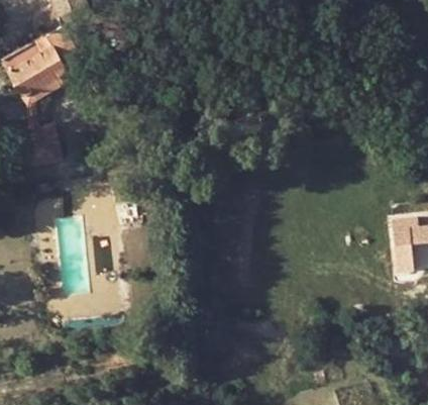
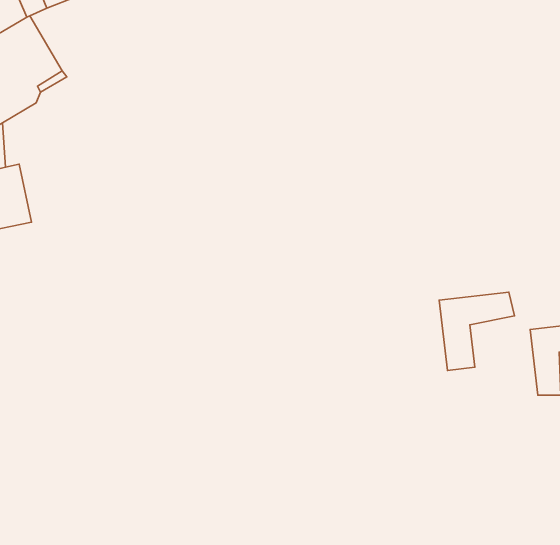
building: none -> [439,292,514,370]

